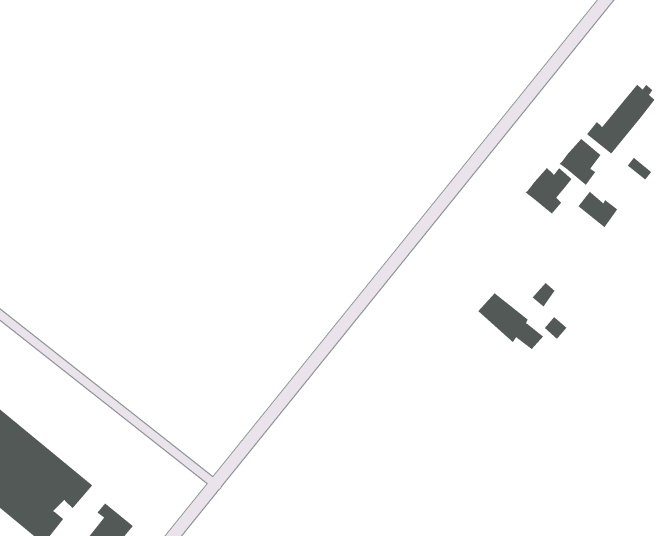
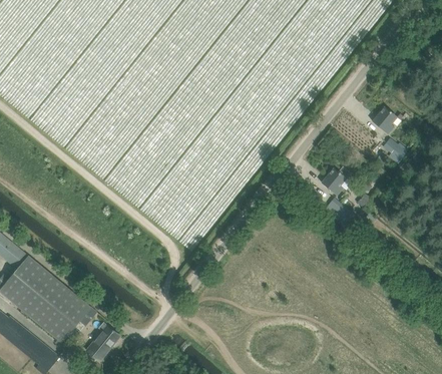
building: [586,84,655,155] -> none
building: [525,167,572,215] -> [321,167,349,196]

